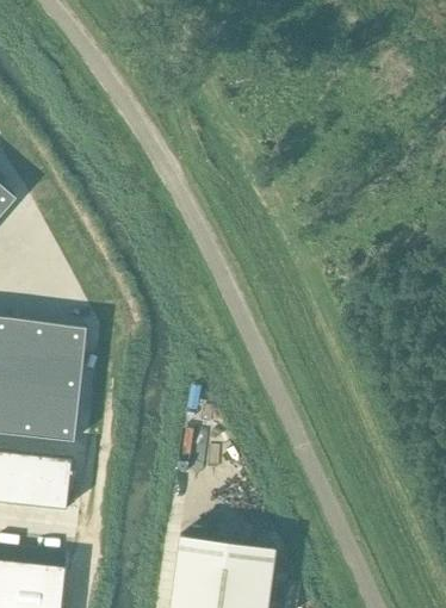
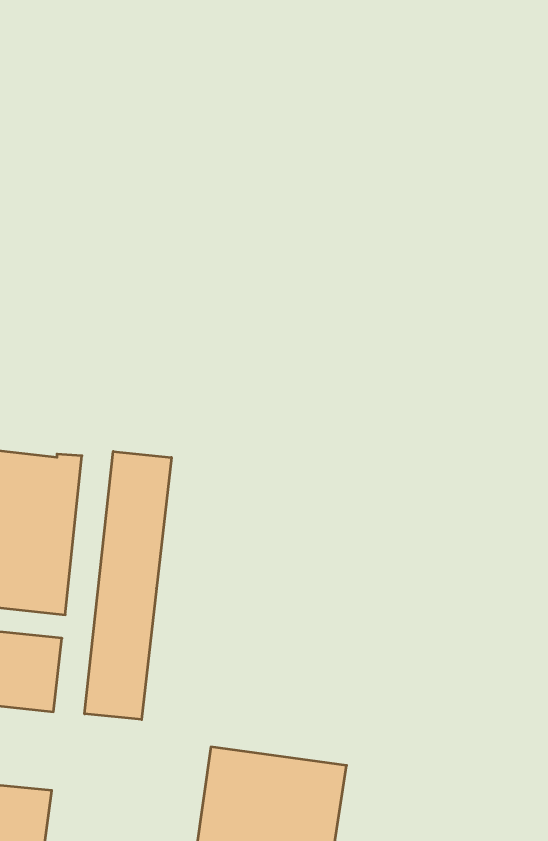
building: none -> [85,451,171,720]

